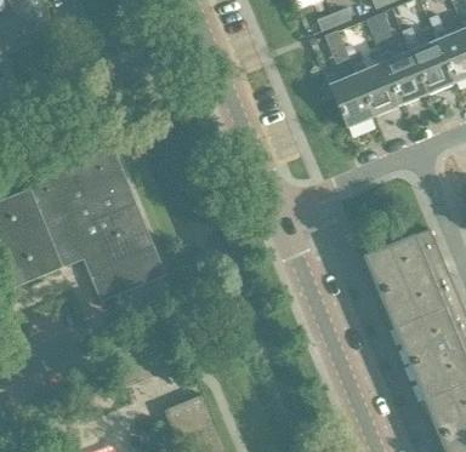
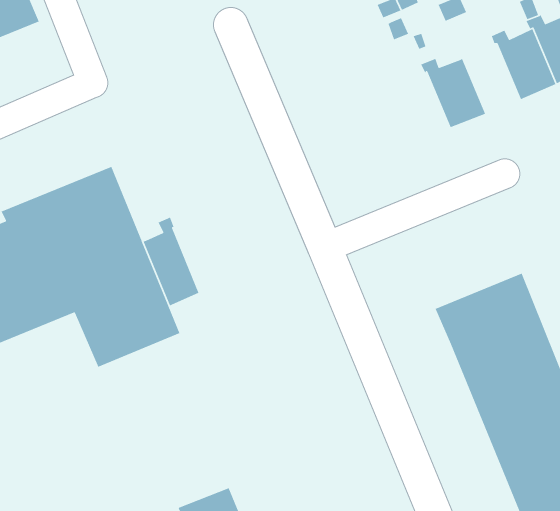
building: [379,51,428,105] -> none
building: [325,73,374,128] -> none
building: none -> [143,216,200,306]

